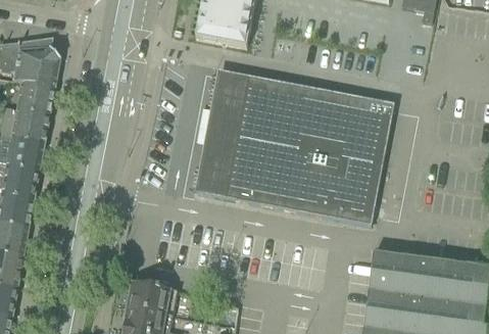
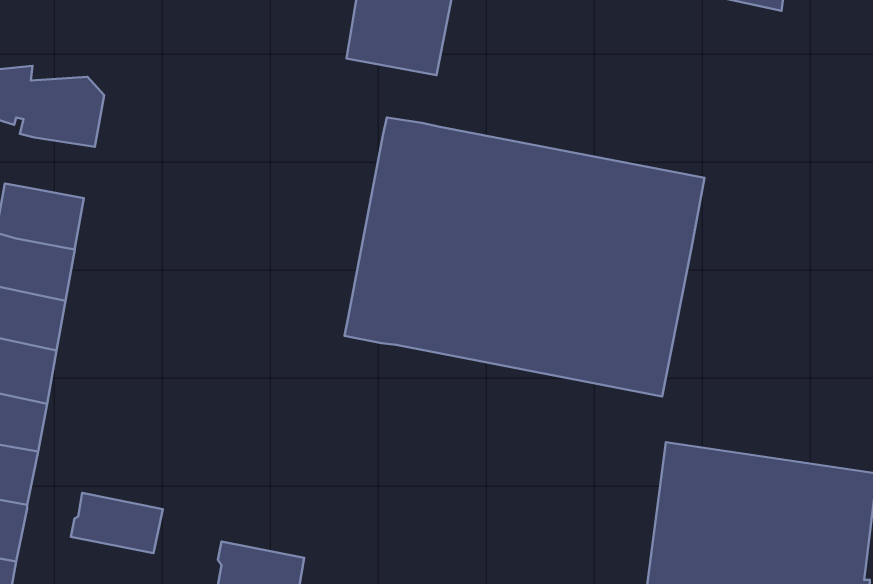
building: [16,81,55,114] -> none
building: [126,281,177,315] -> [71,493,163,553]

